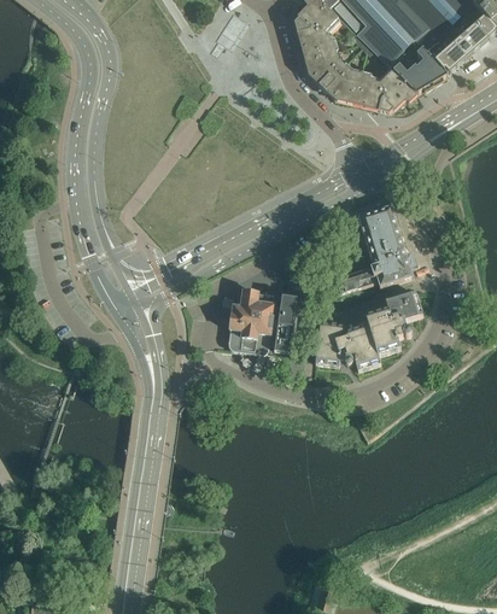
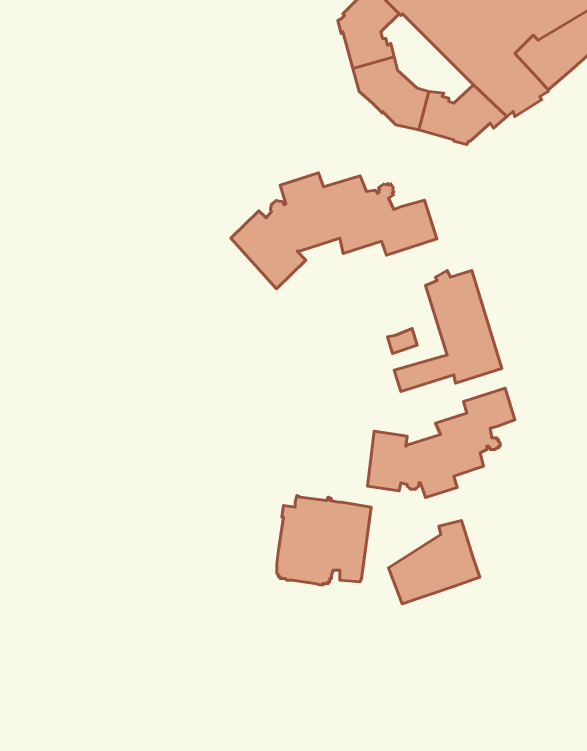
building: none -> [231,173,437,289]
building: [228,288,297,353] -> [277,496,371,585]
building: none -> [389,521,480,604]

